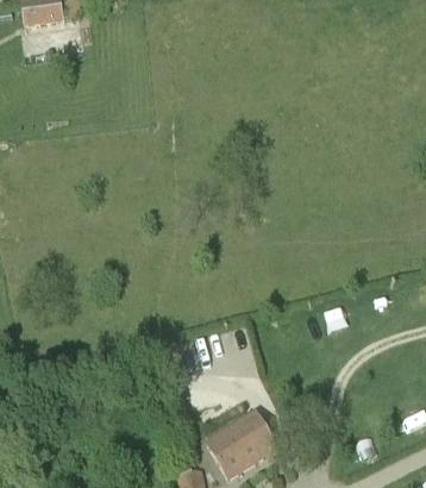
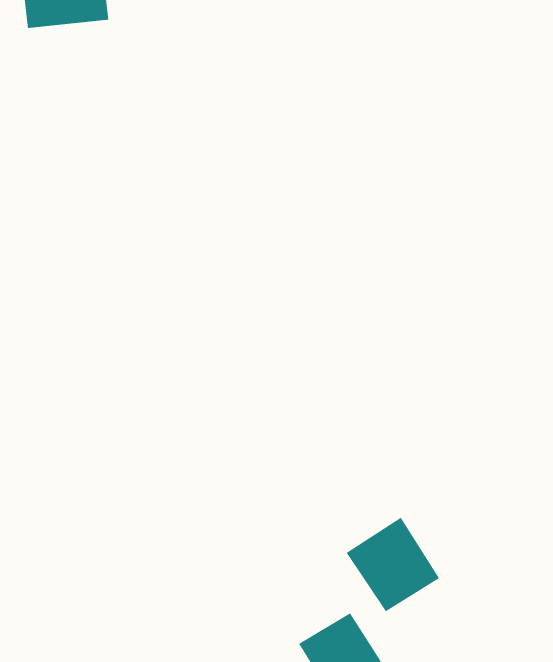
building: none -> [346,517,440,612]

